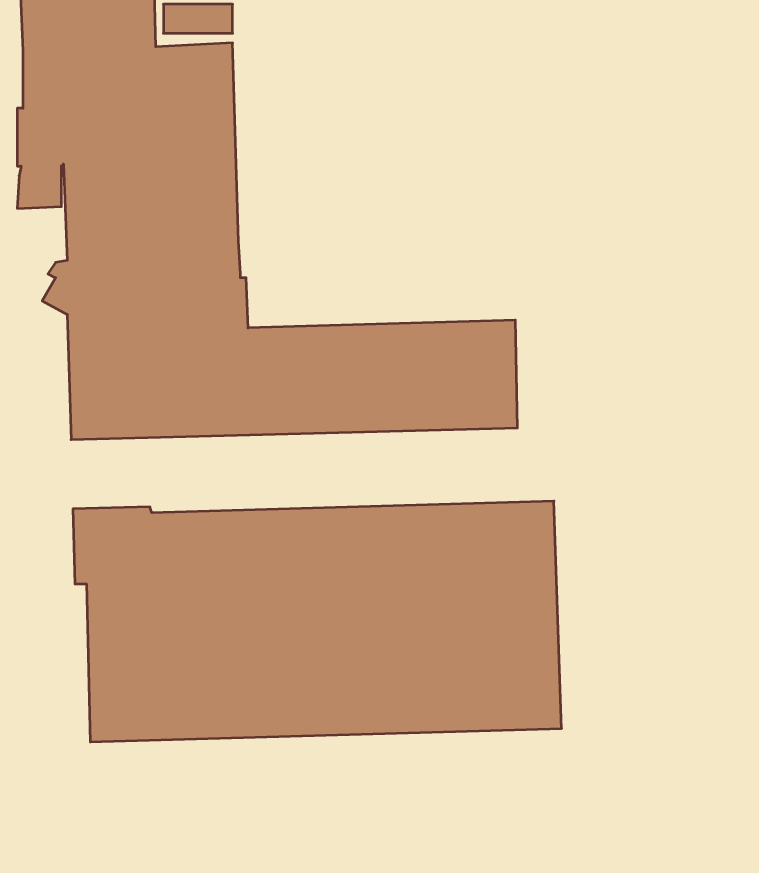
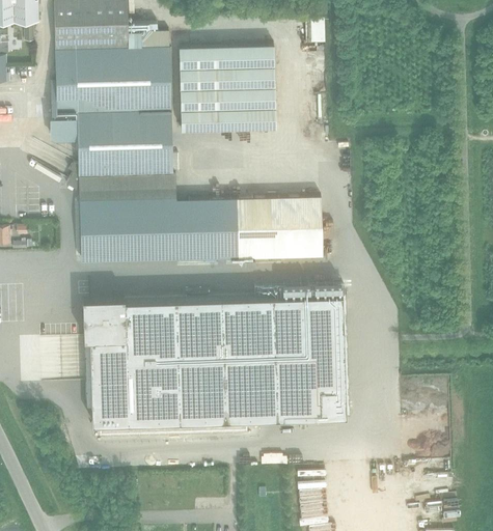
building: none -> [180,48,275,134]

